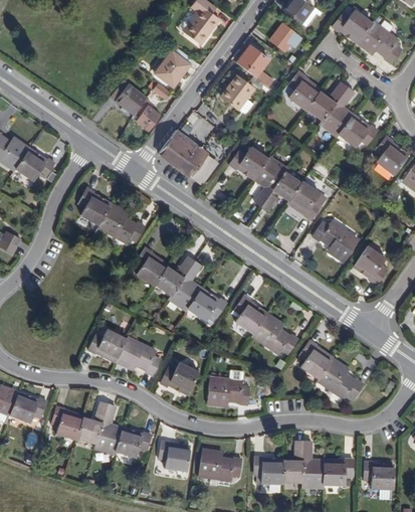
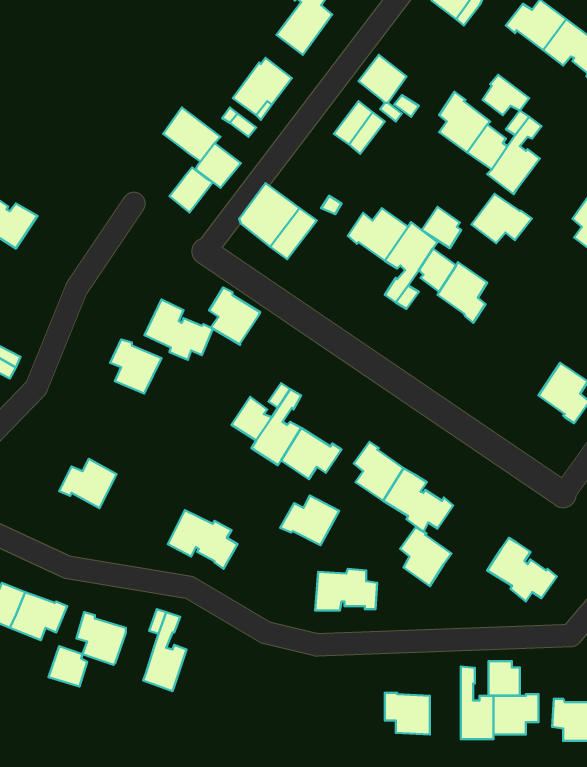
building: [271,23,301,49] -> [483,75,529,115]
building: [339,112,378,144] -> [471,194,532,243]
building: none -> [170,167,213,213]
building: none -> [422,207,461,248]
building: [14,149,53,181] -> none
building: [75,191,109,226] -> [110,339,161,394]
building: [314,218,359,261] -> none
building: [134,248,167,286] -> [209,287,260,345]
building: [86,330,124,362] -> [59,459,117,508]
building: [300,341,334,379] -> [400,527,451,586]
building: [158,363,196,395] -> [280,495,339,545]
building: [78,419,103,446] -> [48,646,87,687]
building: [117,431,153,462] -> none
building: [160,440,191,472] -> none
building: [203,449,244,480] -> none
building: [282,462,302,484] -> [489,661,520,695]

